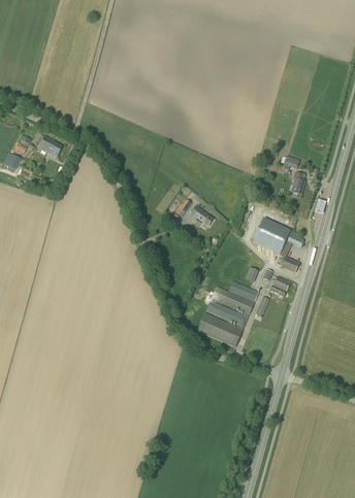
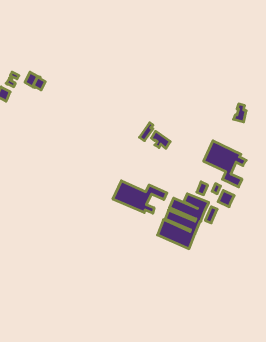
building: none -> [113,181,167,213]

